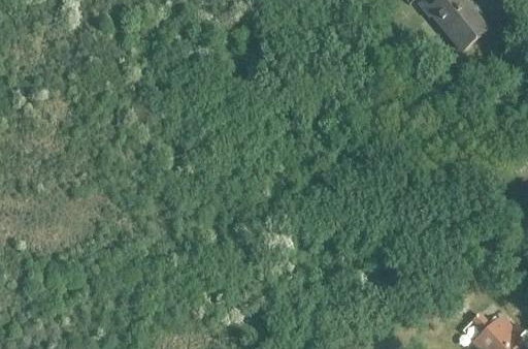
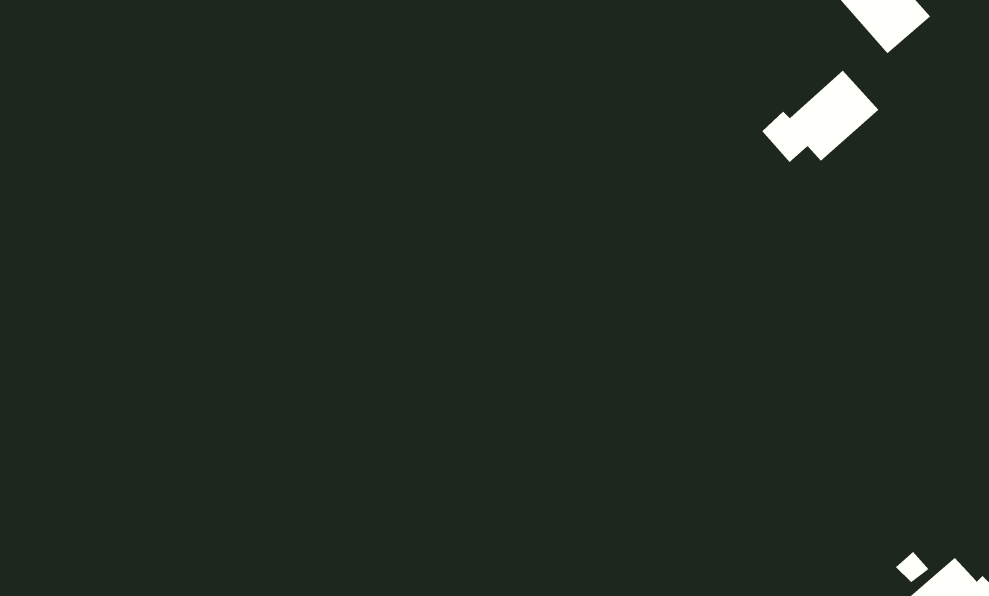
building: none -> [761,70,879,163]

